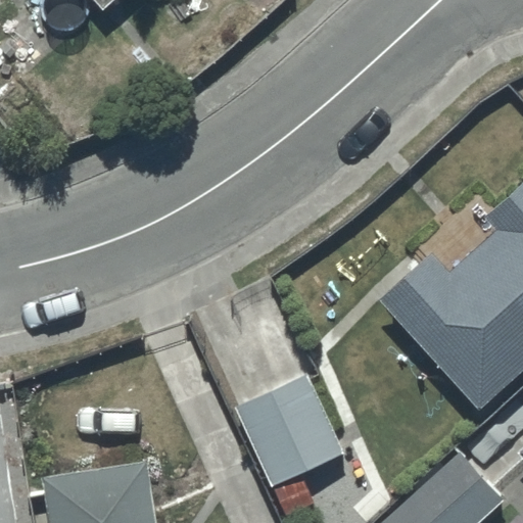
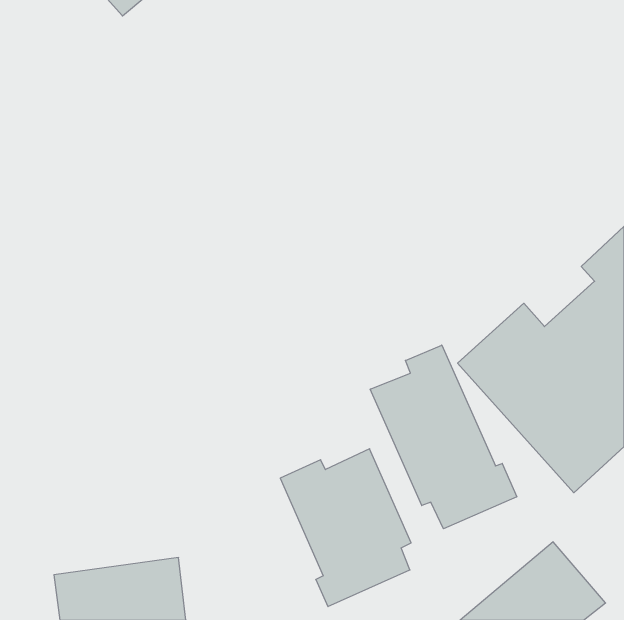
building: none -> [370,345,517,529]

